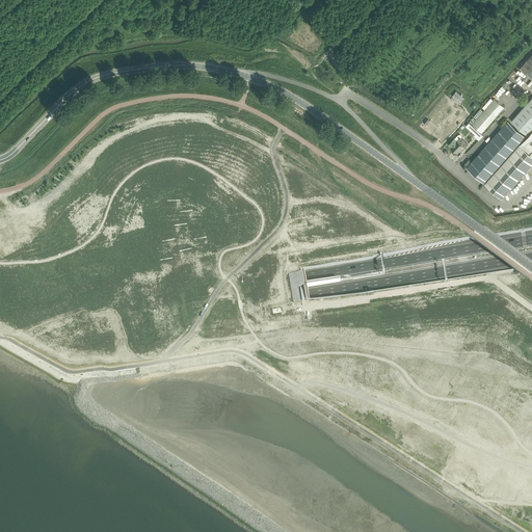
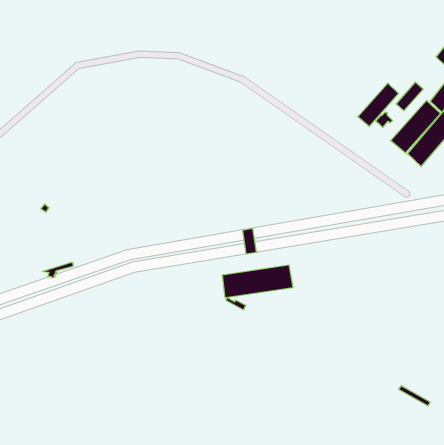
building: none -> [358,83,399,126]
building: none -> [223,265,293,298]

